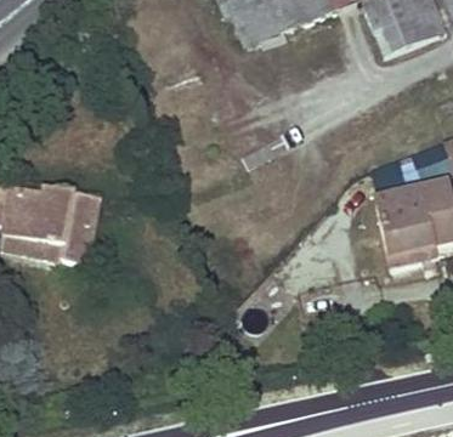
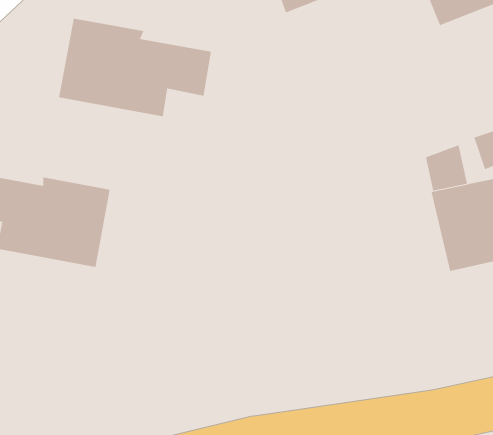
building: none -> [59,18,212,117]

